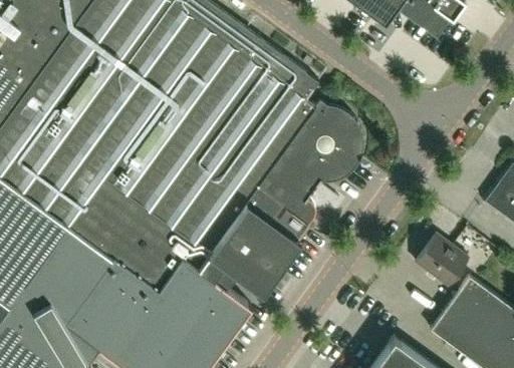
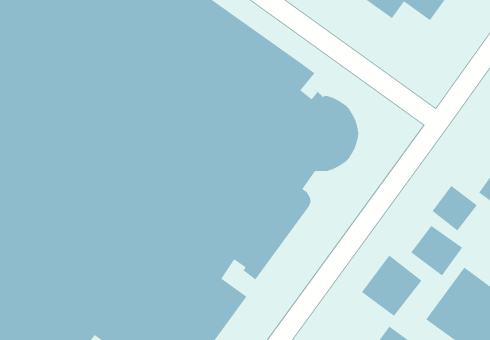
building: none -> [431,185,478,231]
building: none -> [361,255,423,317]

